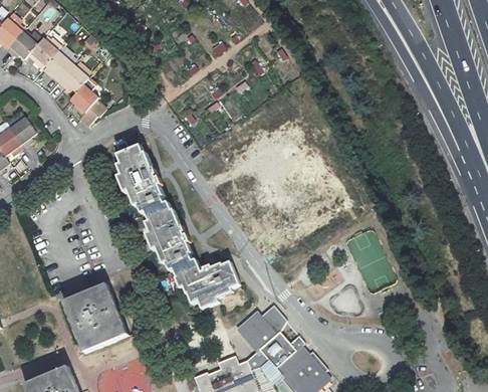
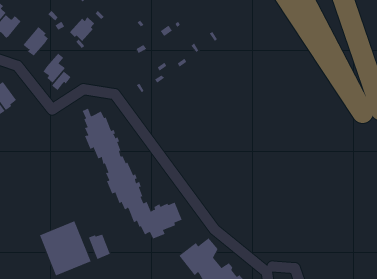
building: [24,32,58,64] -> none
building: [54,58,86,90] -> [69,16,95,42]
building: none -> [88,234,110,260]

